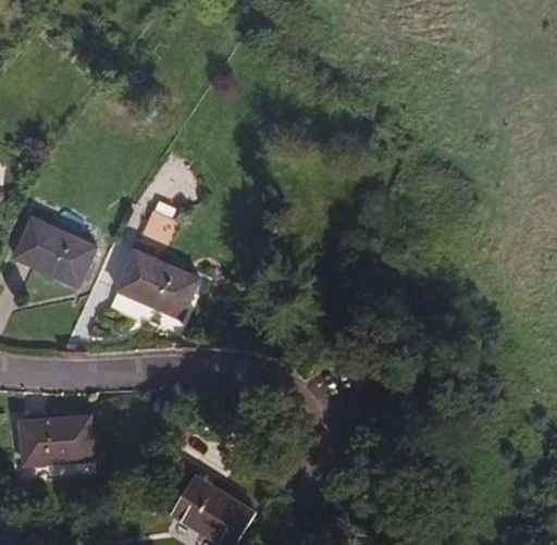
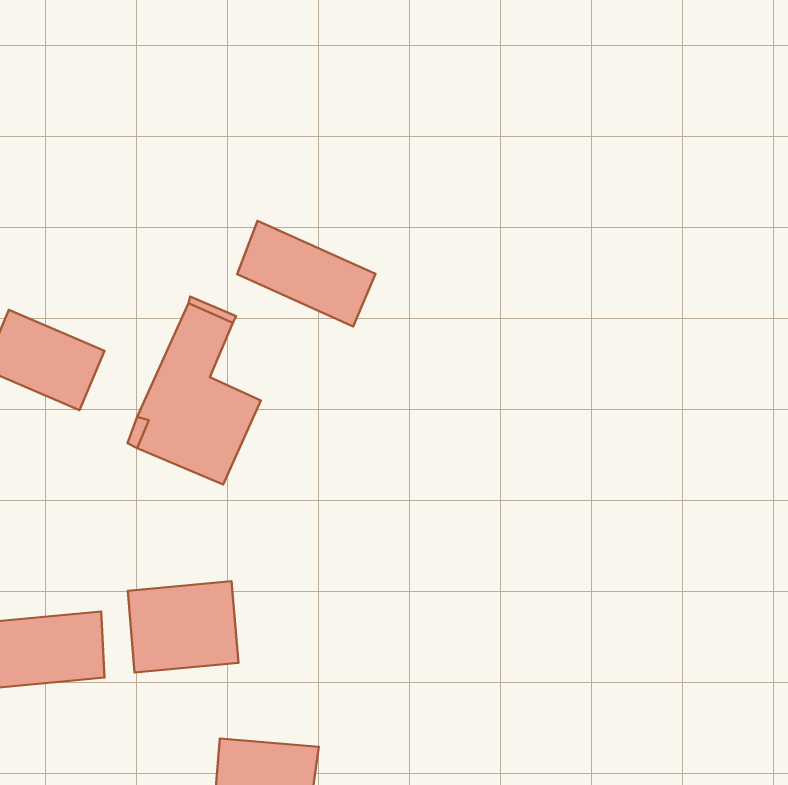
building: none -> [237,221,375,327]
building: none -> [128,581,238,673]

